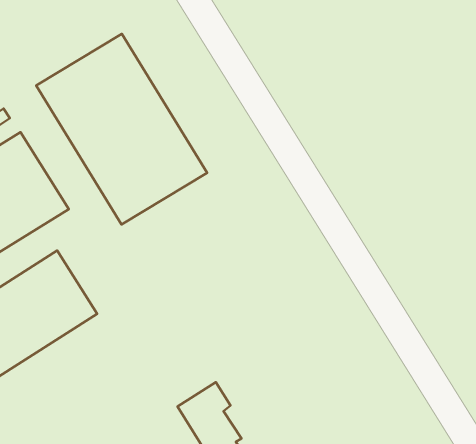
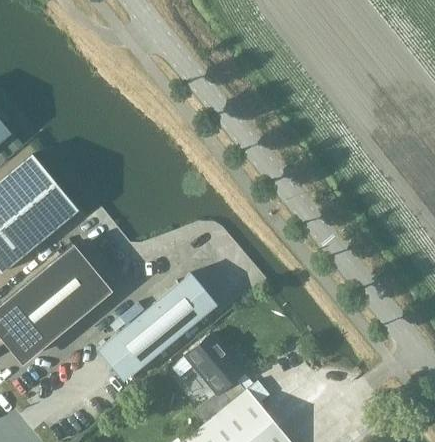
building: [36,34,207,224] -> none
building: none -> [98,274,216,381]

